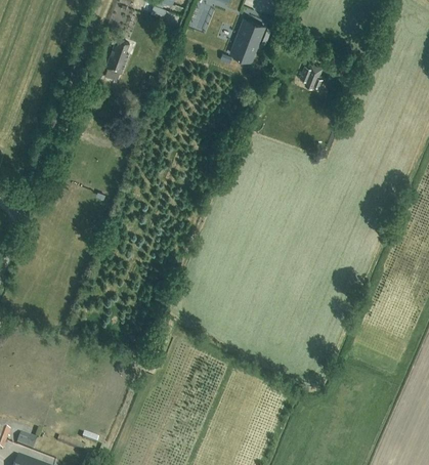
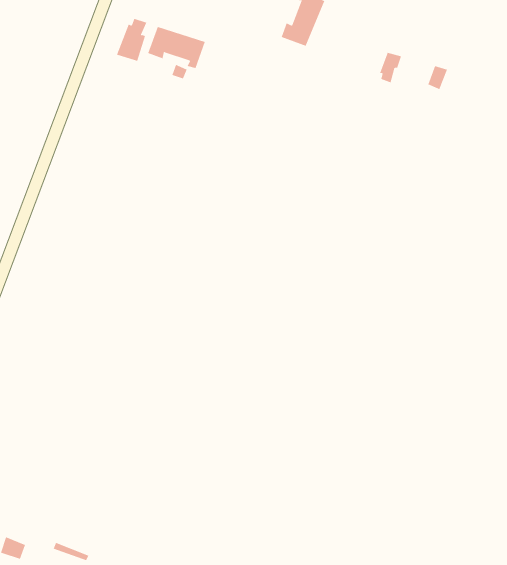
building: none -> [148,26,206,69]

